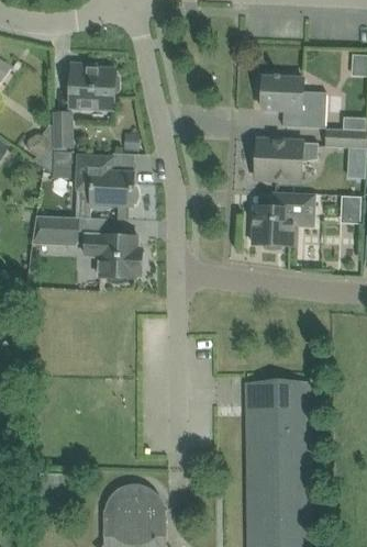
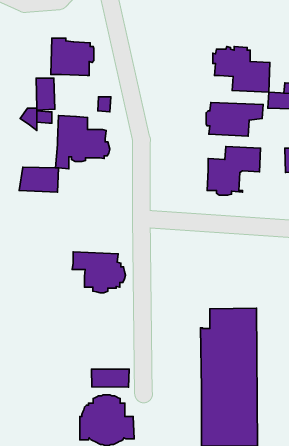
building: [85,234,147,282] -> [72,252,125,293]
building: none -> [91,369,129,387]

